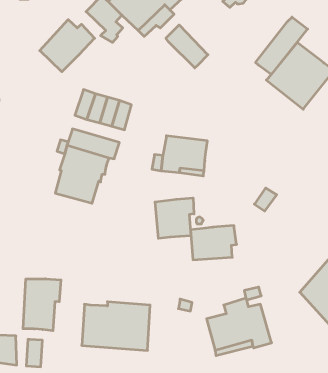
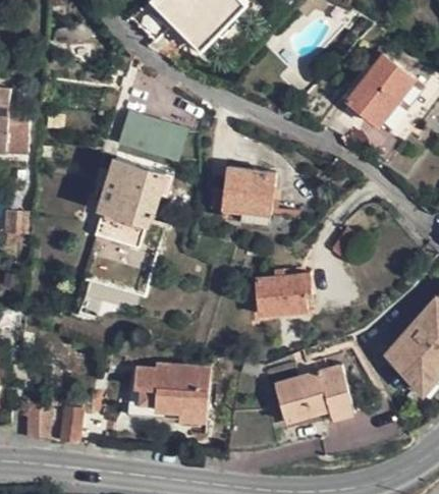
building: [256,17,308,74] -> none
building: [40,20,95,72] -> none
building: [166,25,208,68] -> none
building: [155,198,194,238] -> none
building: [23,279,61,331] -> none

